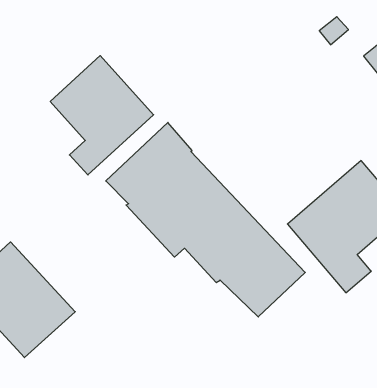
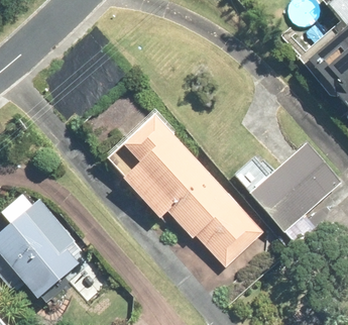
building: [50,56,154,175] -> none

